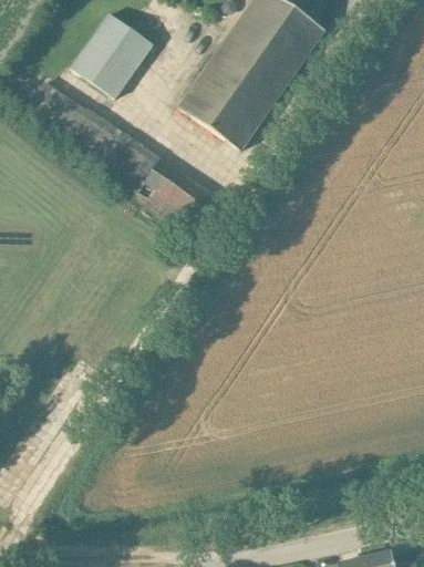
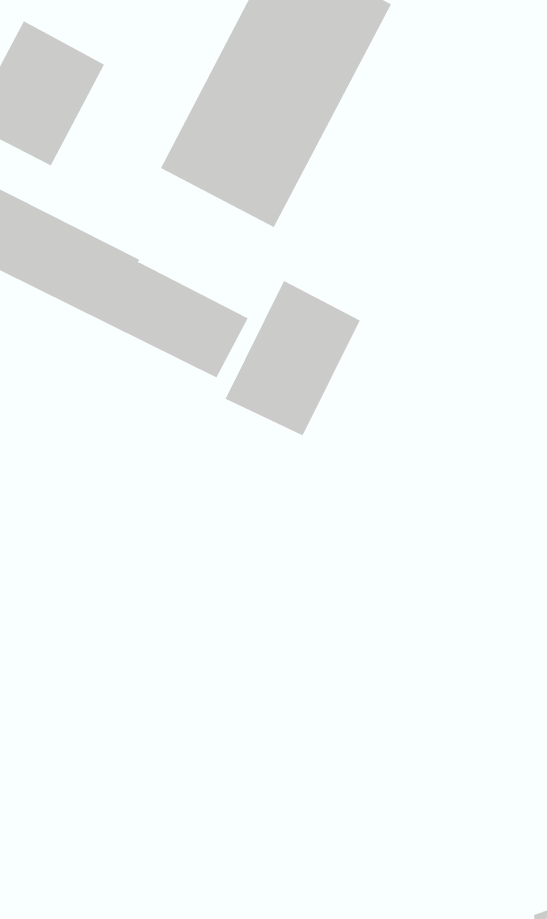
building: none -> [225,280,361,436]

